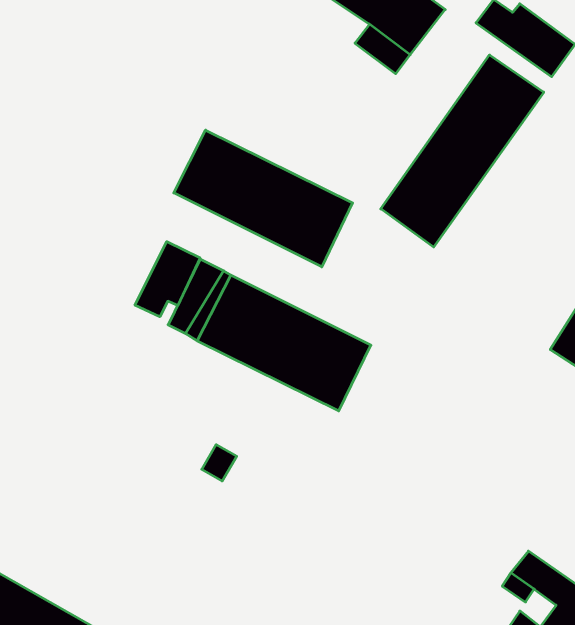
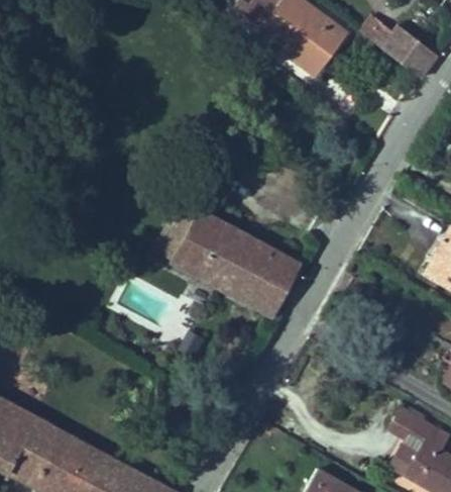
building: [381,55,544,247] -> none
building: [174,130,353,267] -> none
building: [135,242,200,317] -> none

